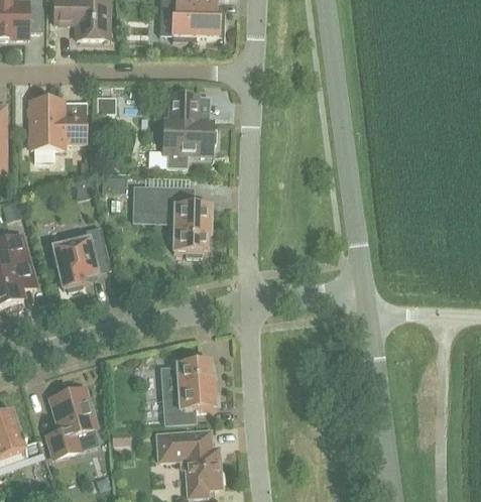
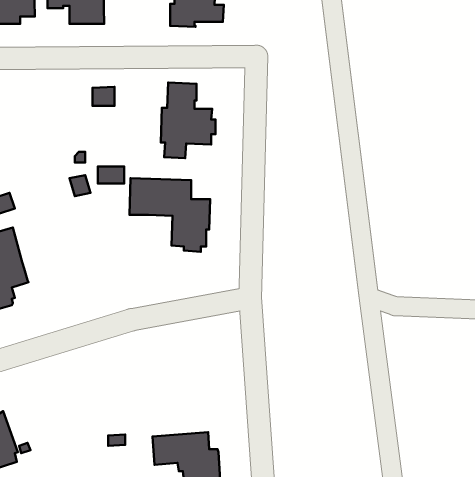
building: [30,99,86,146] -> none
building: [53,225,107,288] -> none
building: [161,357,216,423] -> none
building: [47,386,95,457] -> none

